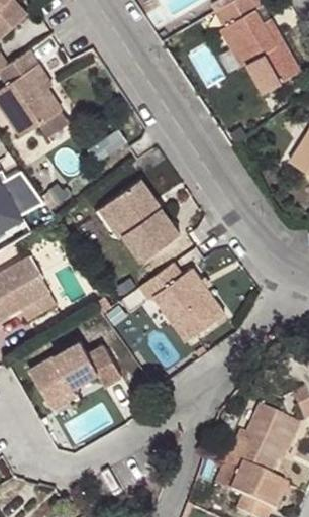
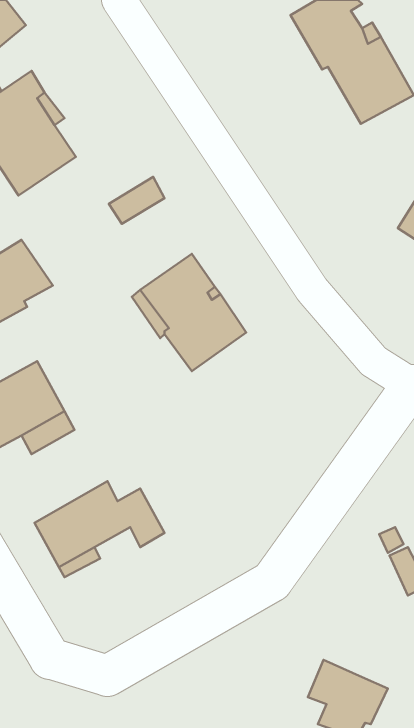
building: [138,265,224,344] -> none
building: [222,407,293,480] -> none

